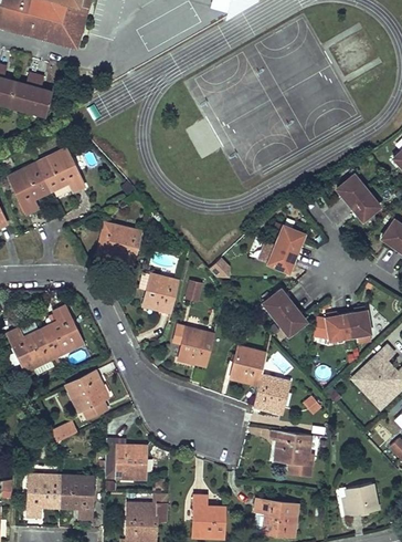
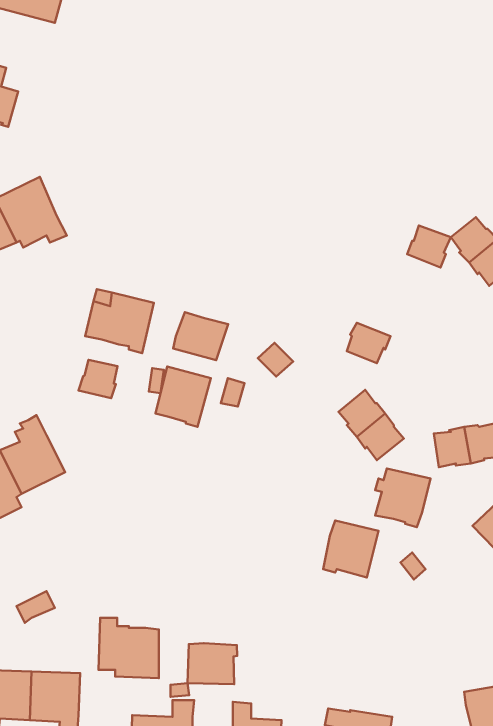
building: [275,226,304,253] -> [407,226,451,268]
building: none -> [173,312,228,360]
building: none -> [78,360,117,398]
building: [172,325,213,366] -> none
building: [230,346,266,385] -> [375,468,430,527]
building: [65,371,107,418] -> none
building: [269,429,313,475] -> none
building: none -> [187,643,237,684]

